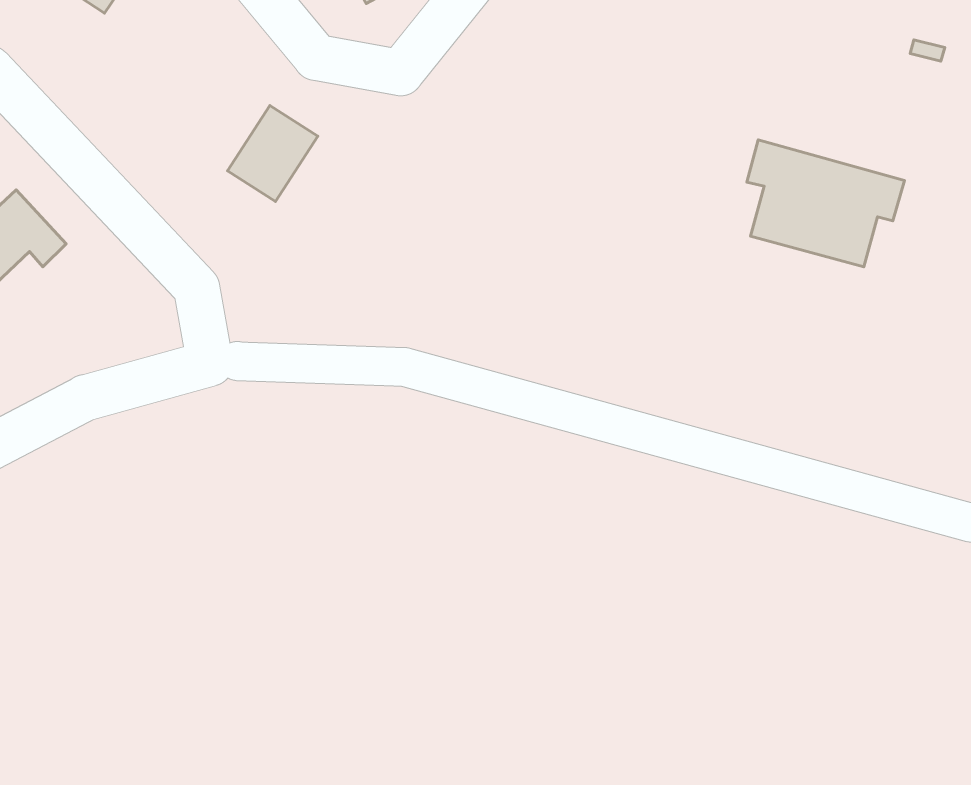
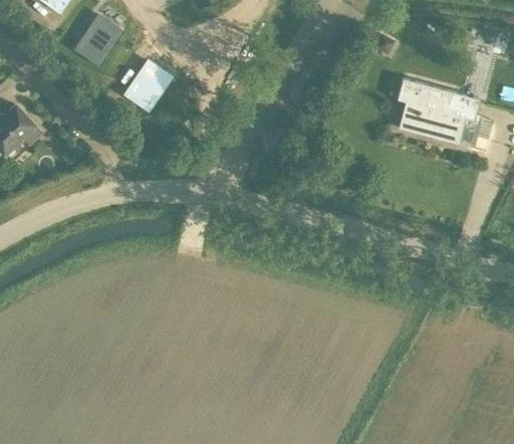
building: none -> [73,13,121,64]

